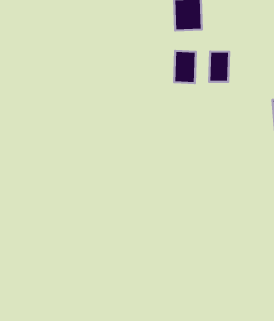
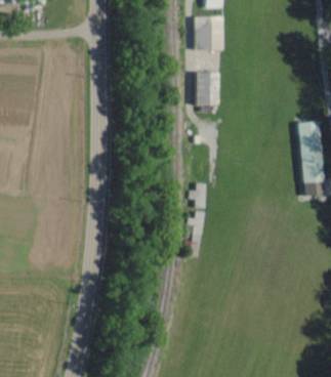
building: [209,52,229,82] -> none

